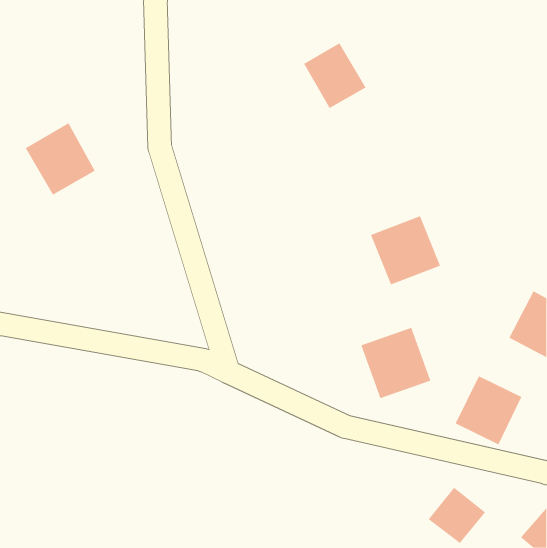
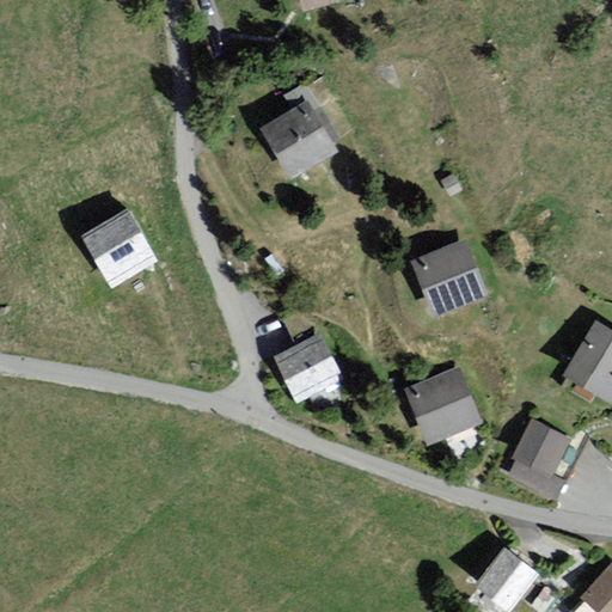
building: [303,42,367,109] -> [263,100,333,175]
building: [25,123,96,195] -> [79,207,158,288]
building: none -> [269,332,344,405]

